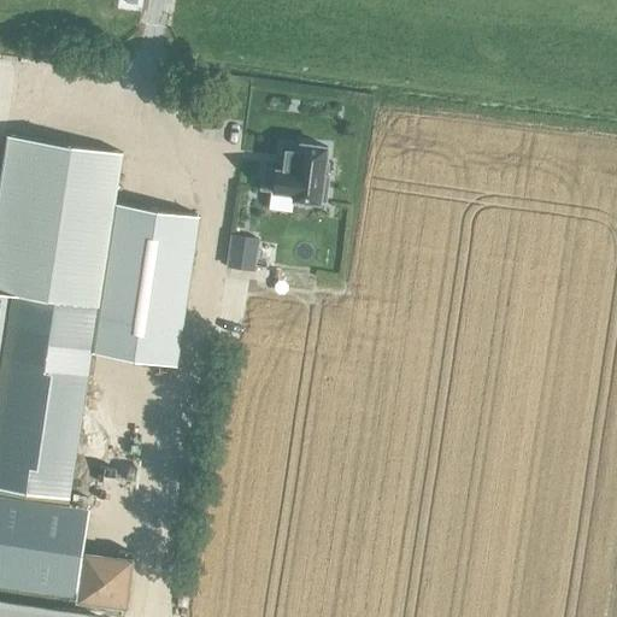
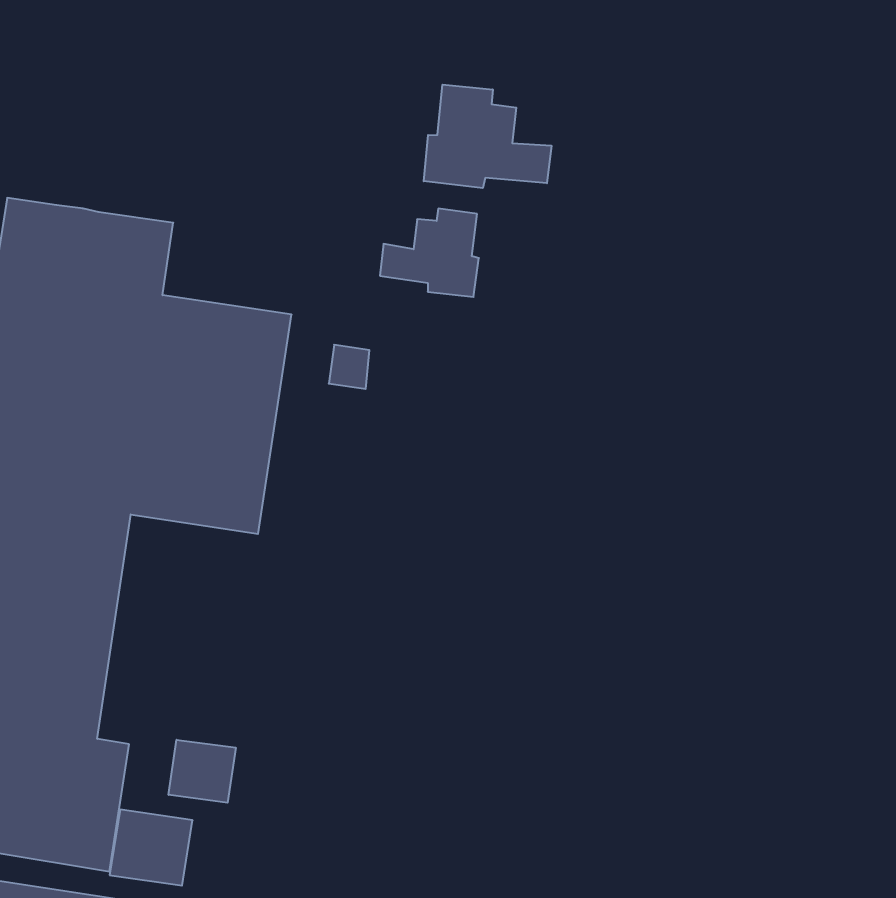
building: none -> [424,85,551,188]
building: none -> [169,740,236,803]

